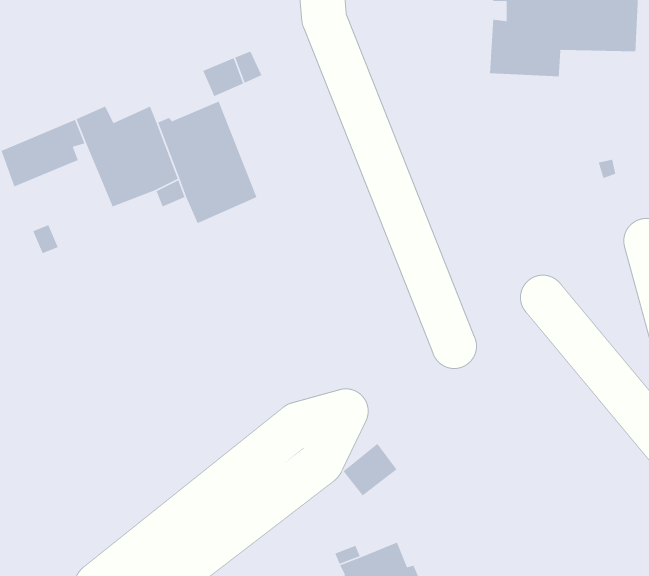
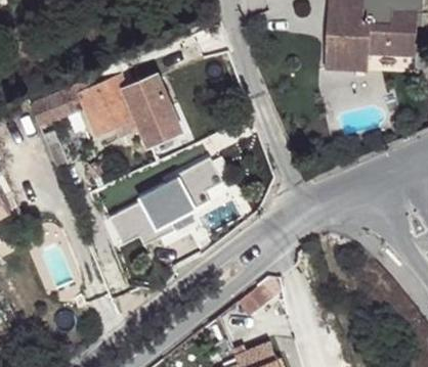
building: none -> [106,160,227,250]

